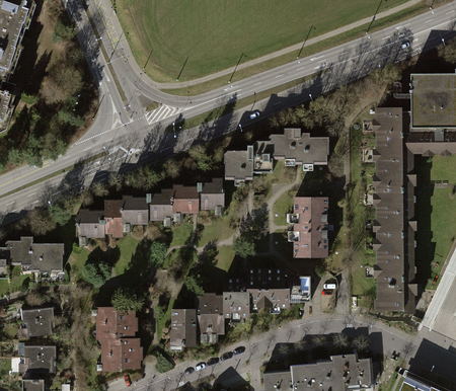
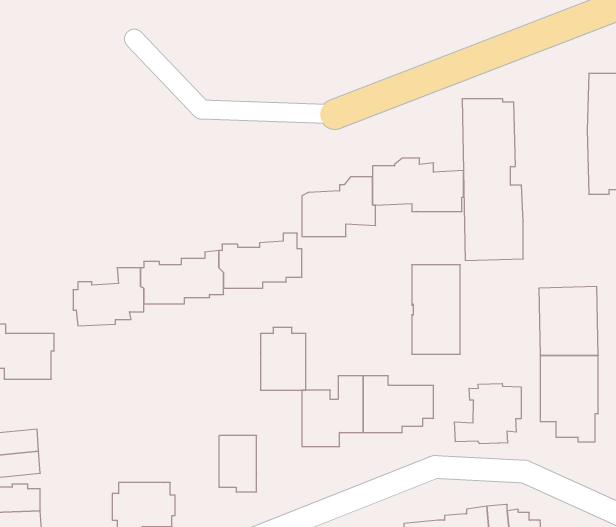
building: [375,109,414,214] -> [462,99,523,260]
building: none -> [454,383,521,444]
building: [195,293,224,333] -> [260,327,306,390]
building: [96,307,137,339] -> none

